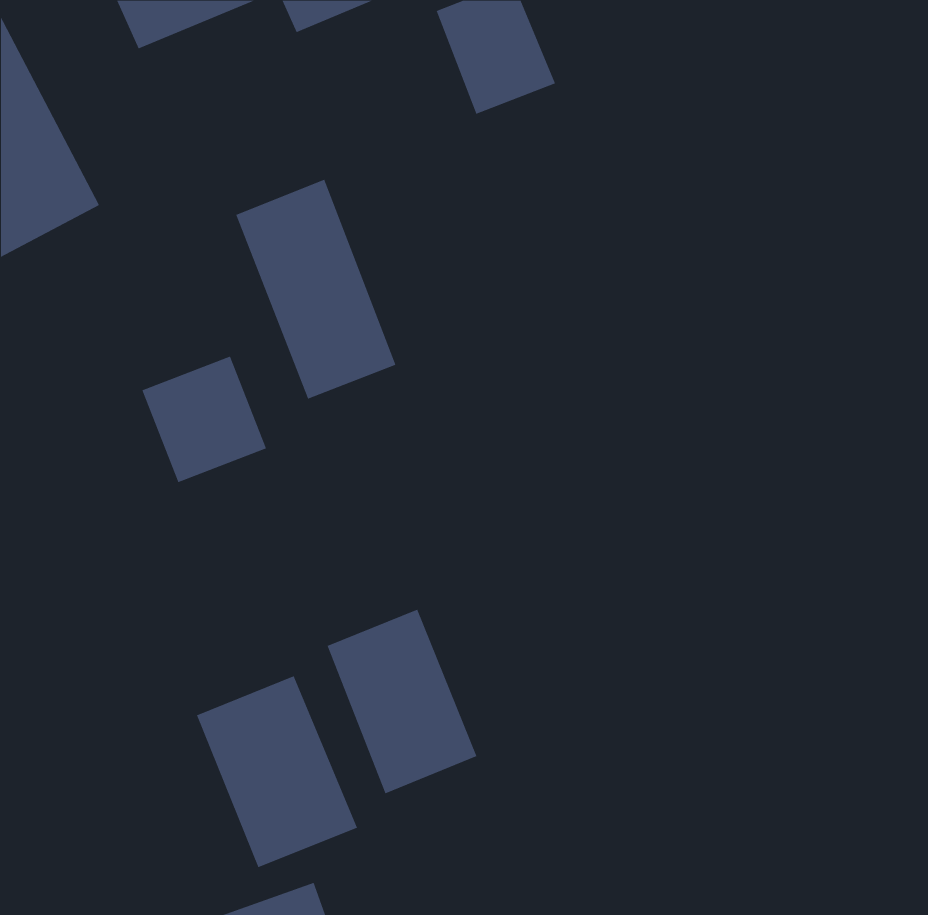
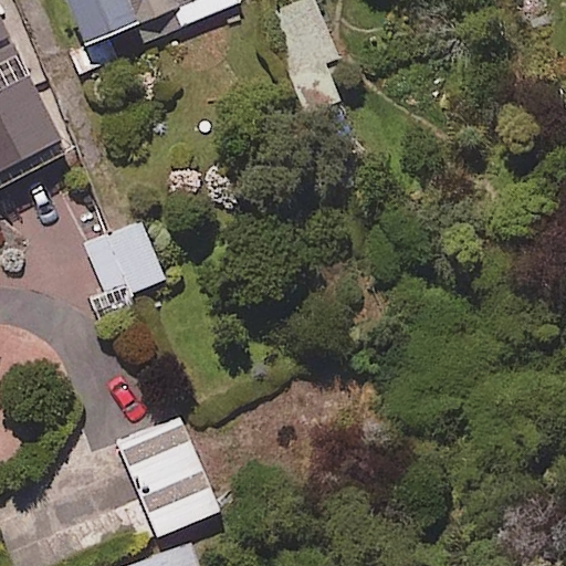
building: [235,179,396,399] -> none
building: [327,609,477,794] -> none

